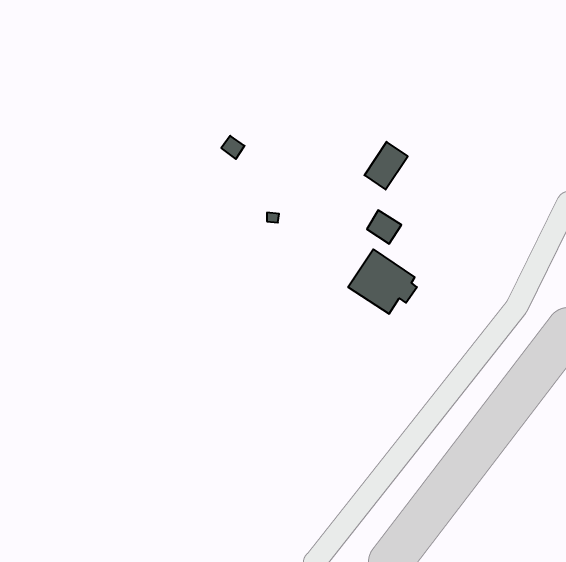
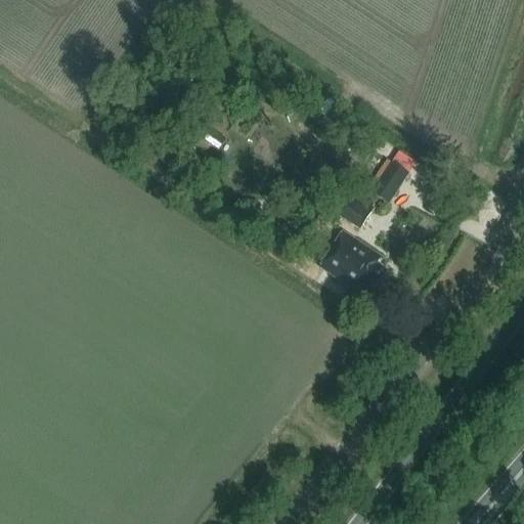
building: [364,142,408,190] -> [370,157,410,201]

